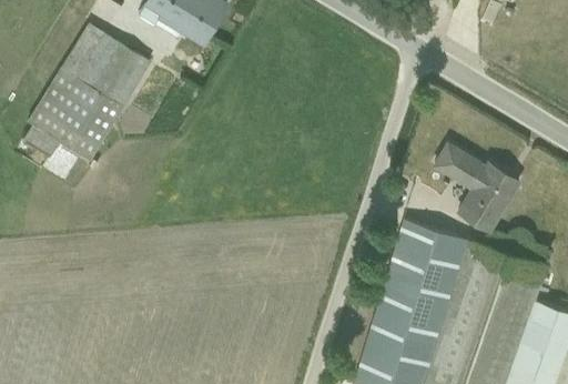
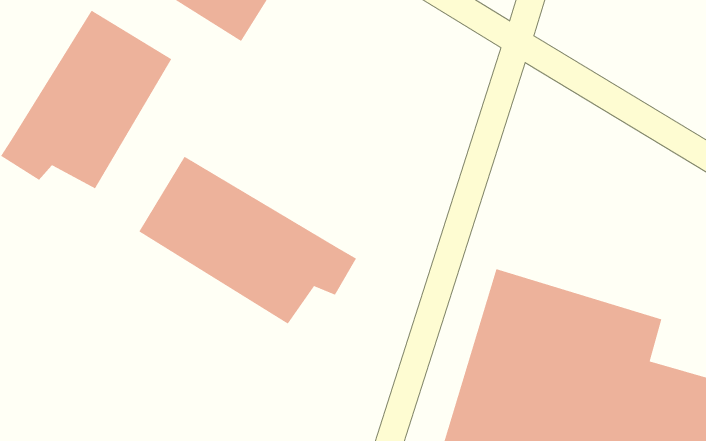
building: none -> [138,156,357,325]
building: [434,140,520,233] -> none

